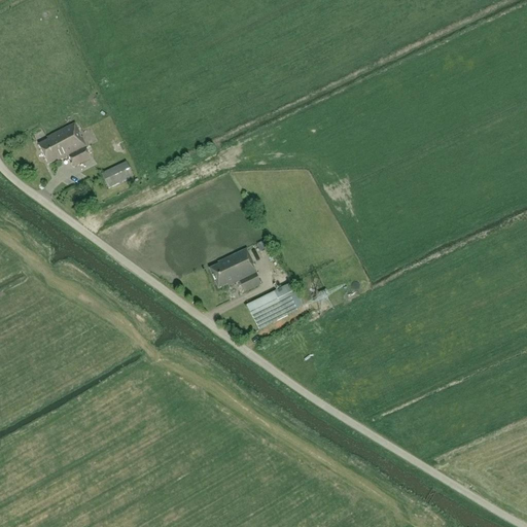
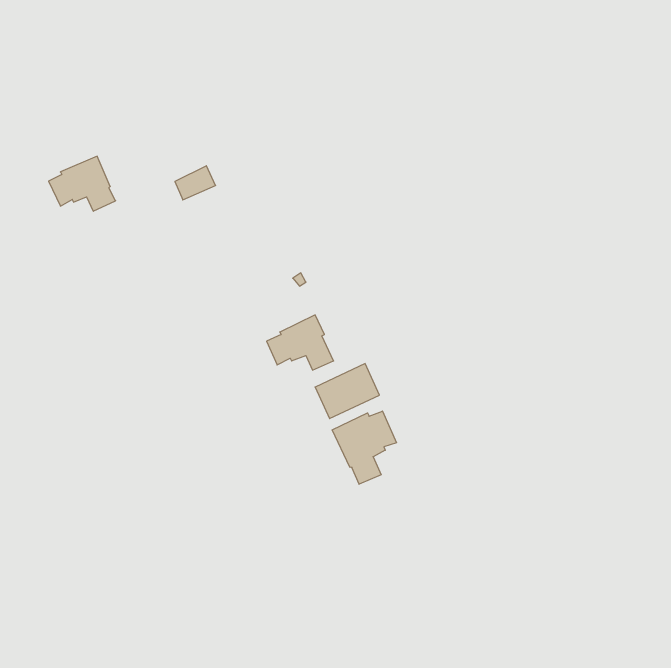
building: [102,160,134,186] -> [175,166,216,200]
building: none -> [332,411,396,484]

